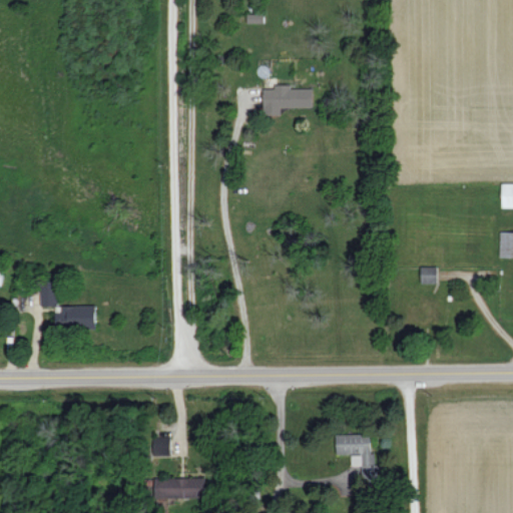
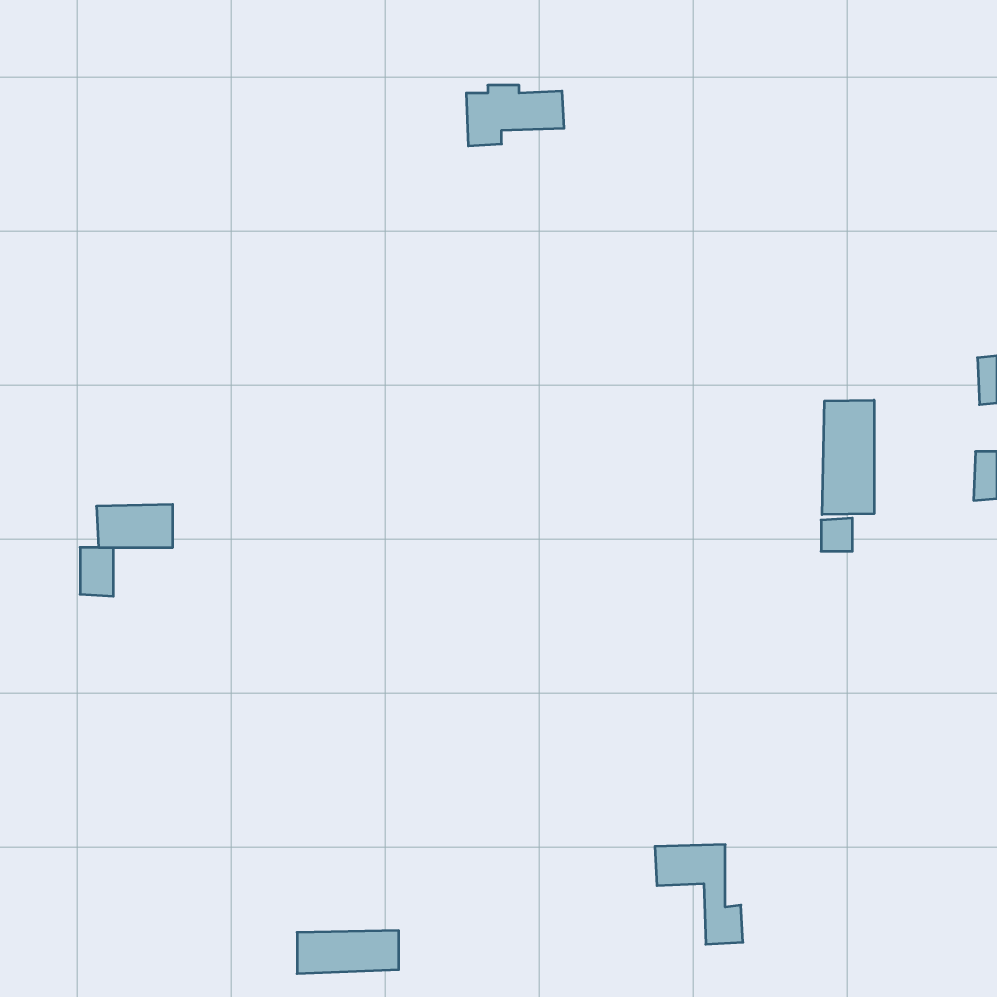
building: [263,85,313,116] -> [466,85,564,146]
building: none -> [822,400,874,515]
building: [57,306,96,328] -> [96,504,173,547]

